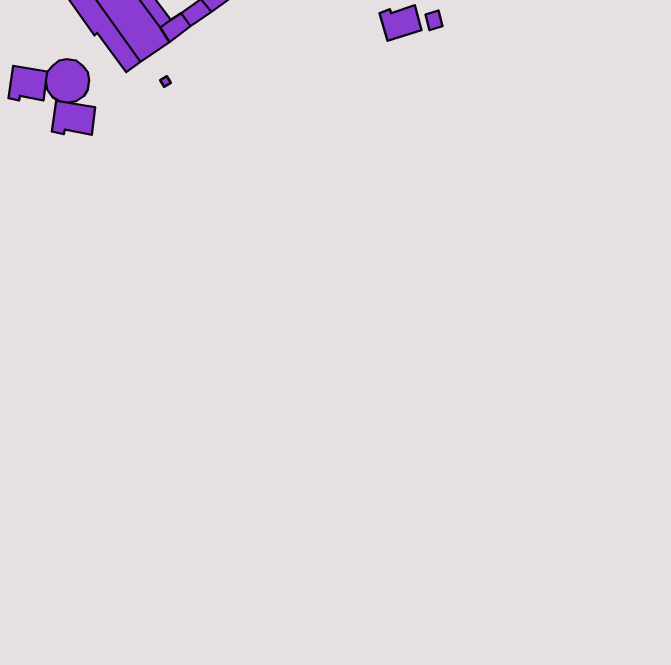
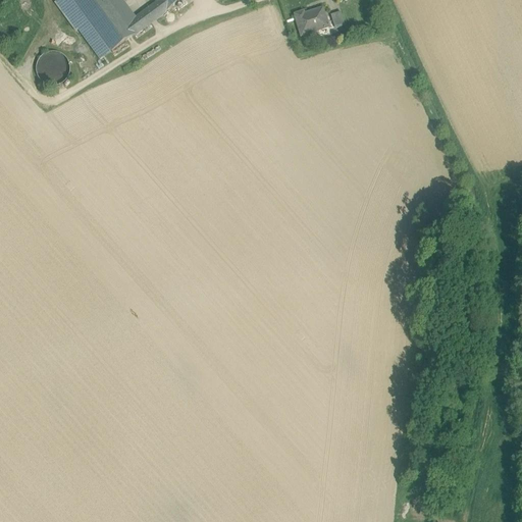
building: [9,66,47,101] -> none
building: [52,101,95,135] -> none

